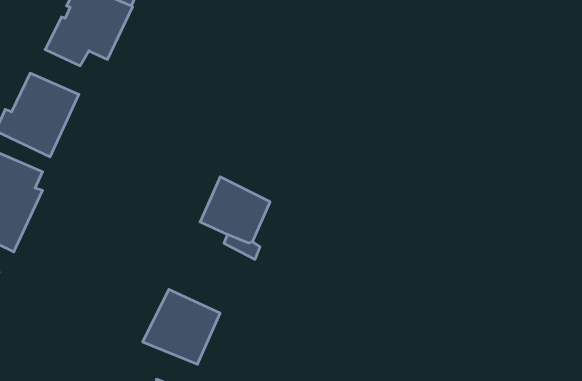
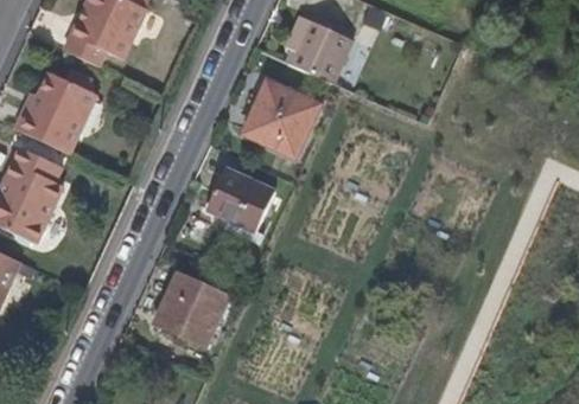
building: none -> [292,20,358,85]
building: none -> [246,84,320,159]

